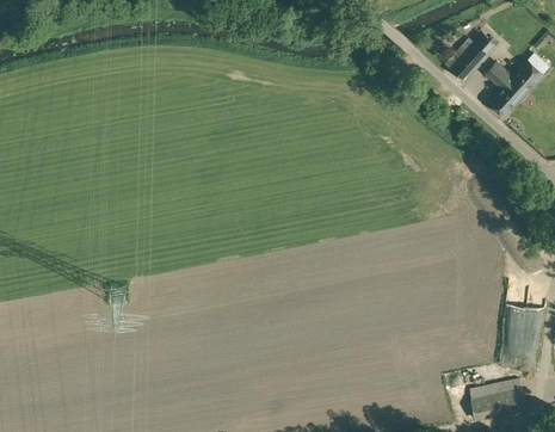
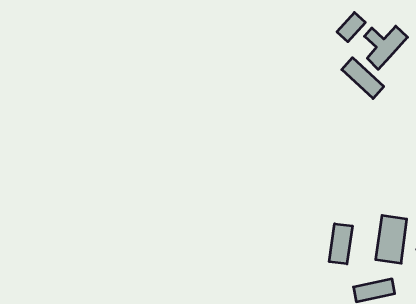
building: none -> [342,58,384,99]
building: none -> [329,224,352,264]

